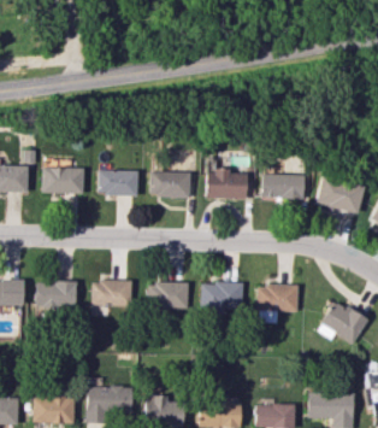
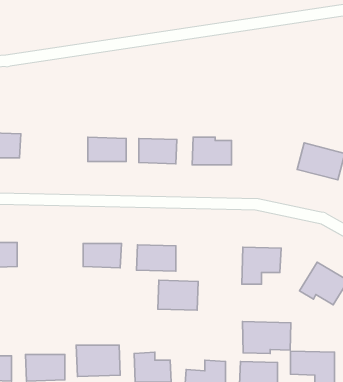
building: [41,168,83,194] -> none
building: [261,174,305,200] -> none
building: [37,281,77,306] -> none
building: [201,282,243,313] -> [158,280,198,310]
building: none -> [243,321,291,354]

